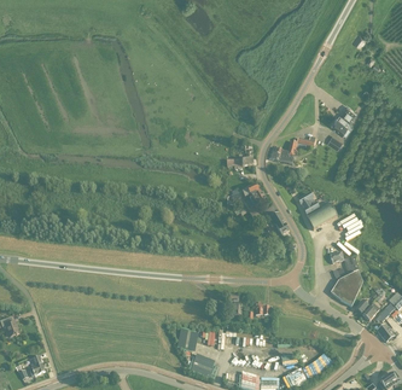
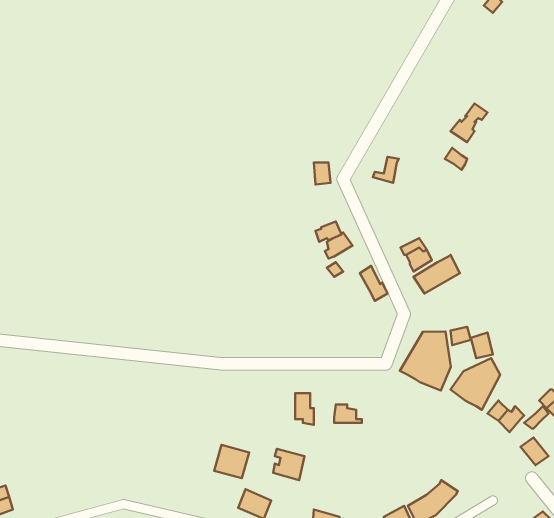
building: none -> [400,331,451,390]

